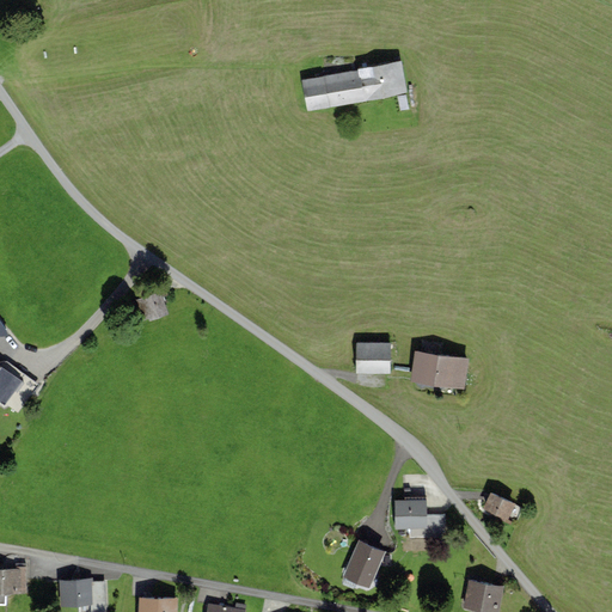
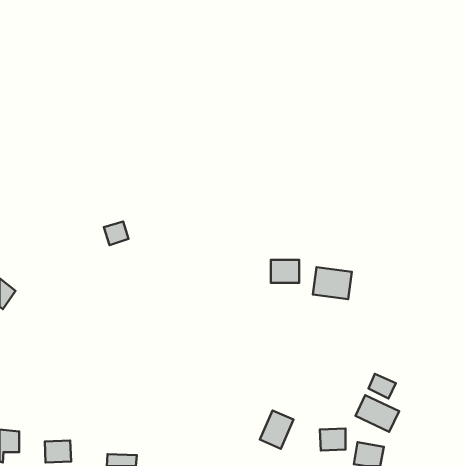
building: [302,62,409,114] -> none
building: [396,501,429,530] -> [320,429,345,451]
building: none -> [355,395,399,432]

